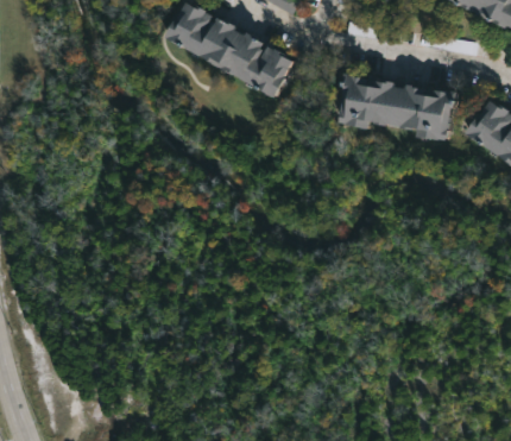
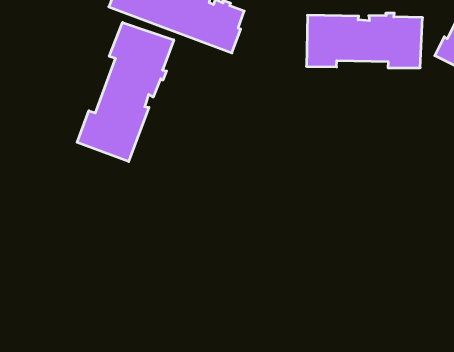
building: none -> [77,22,174,162]

